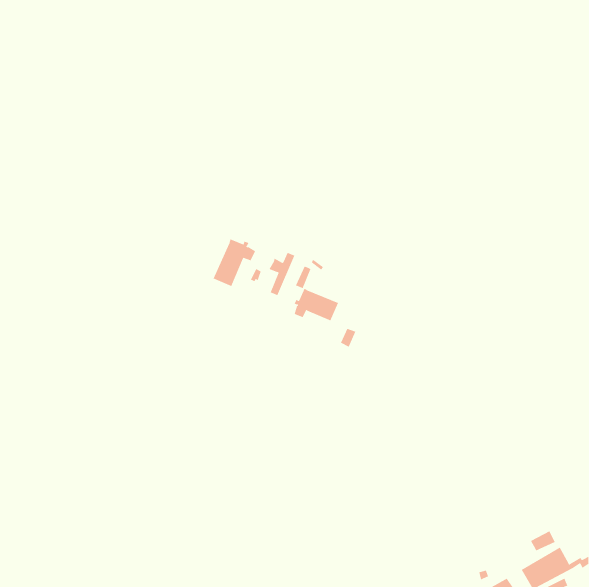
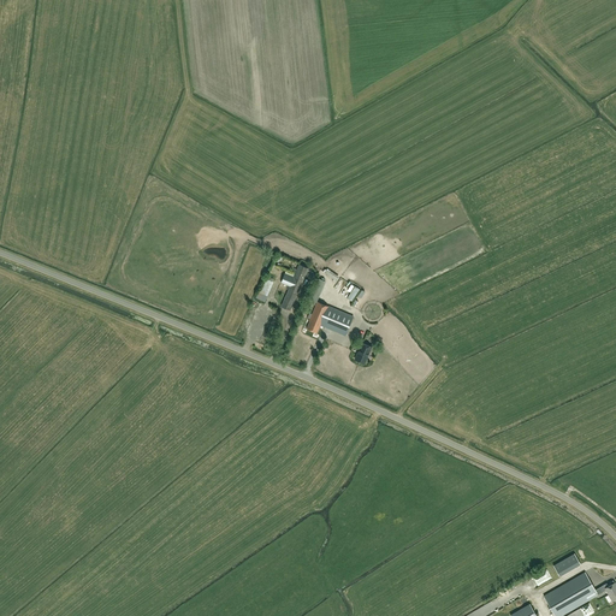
building: [213,238,256,287] -> none

